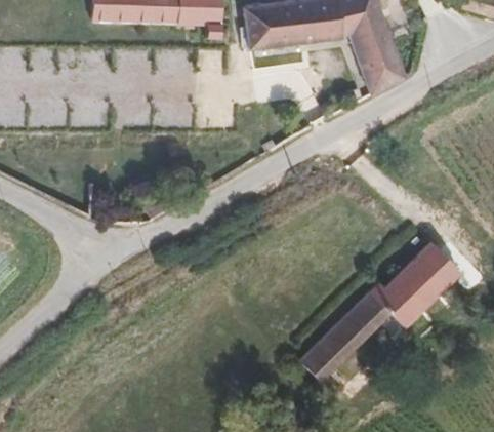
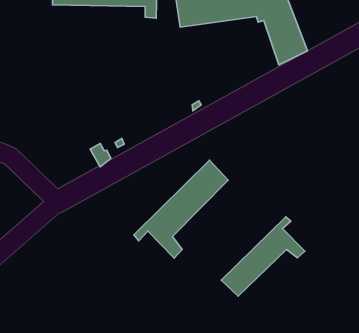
building: none -> [134,160,228,258]
building: [376,241,462,325] -> none

